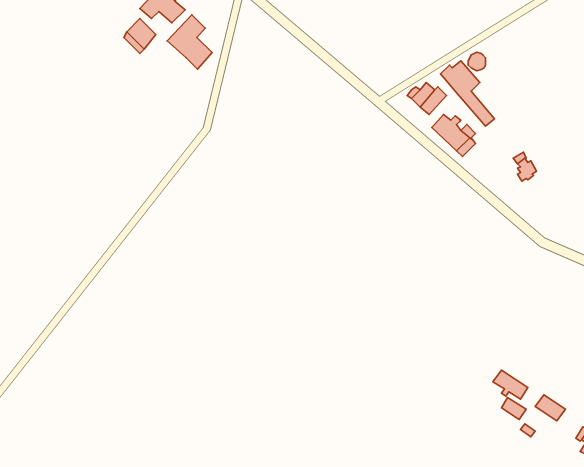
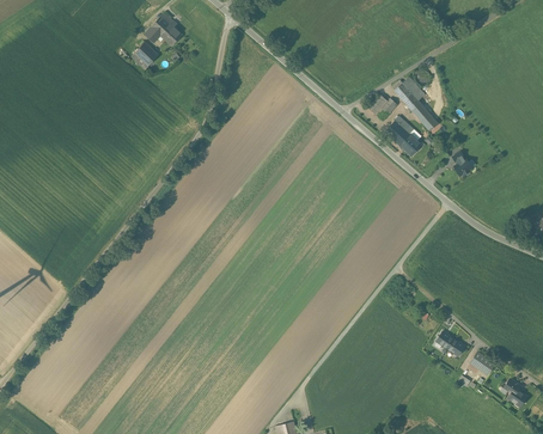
building: [167,15,212,69] -> none

